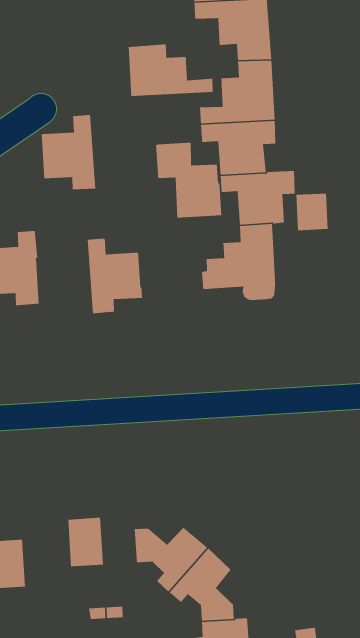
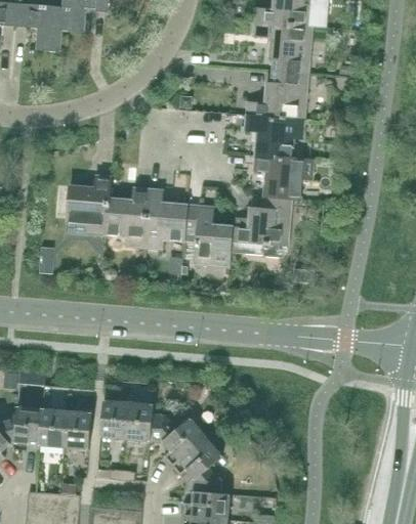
building: [128,44,214,97] -> none
building: [41,114,96,190] -> [106,189,149,248]
building: [155,142,222,218] -> [184,206,232,267]
building: [295,193,328,231] -> none
building: none -> [126,402,154,441]
building: none -> [65,410,92,449]

